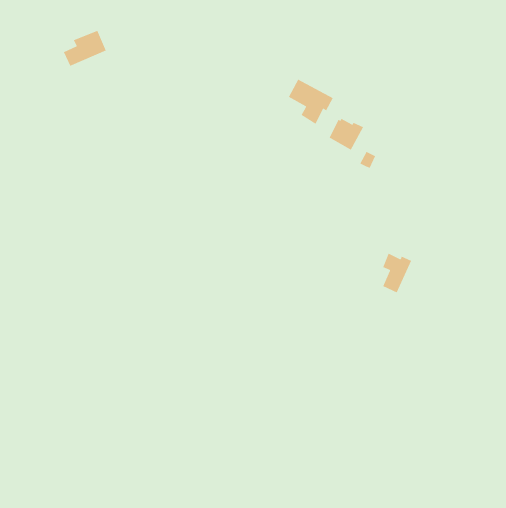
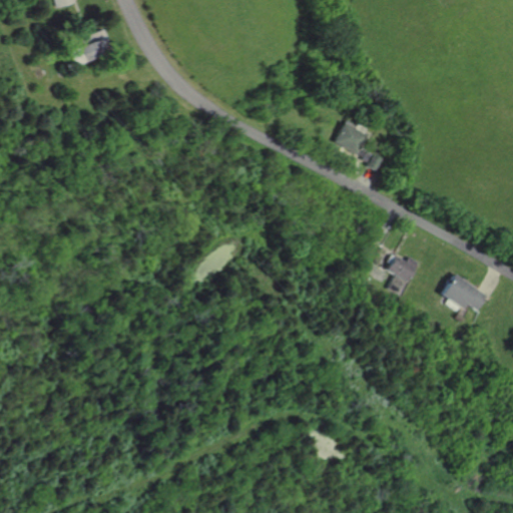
building: [288,78,334,125] -> none
building: none -> [441,275,486,310]

